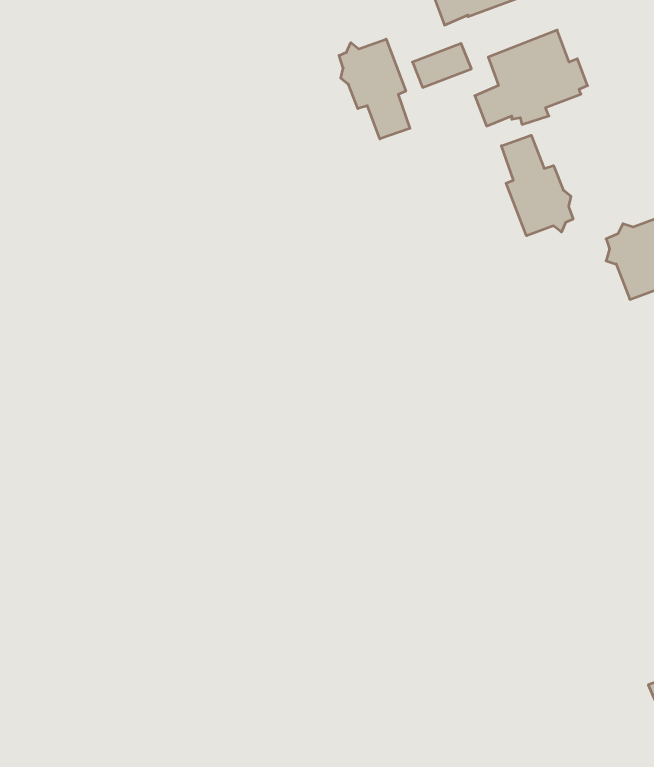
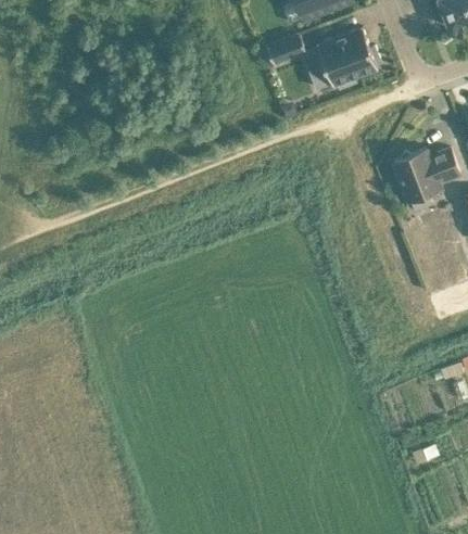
building: [339,39,410,139] -> none
building: [501,135,573,236] -> none

